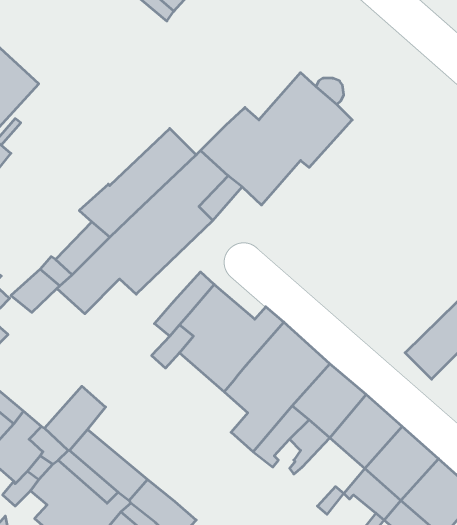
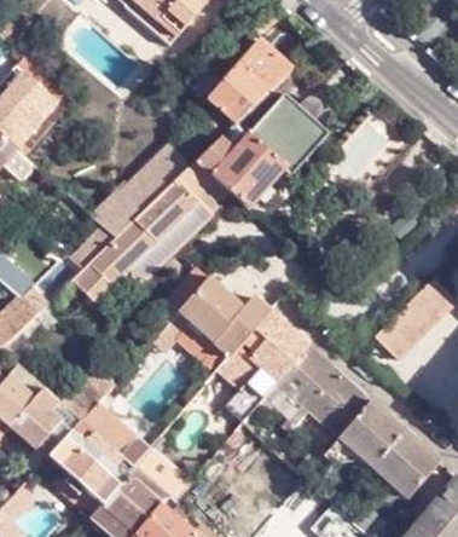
building: none -> [208,40,291,125]

